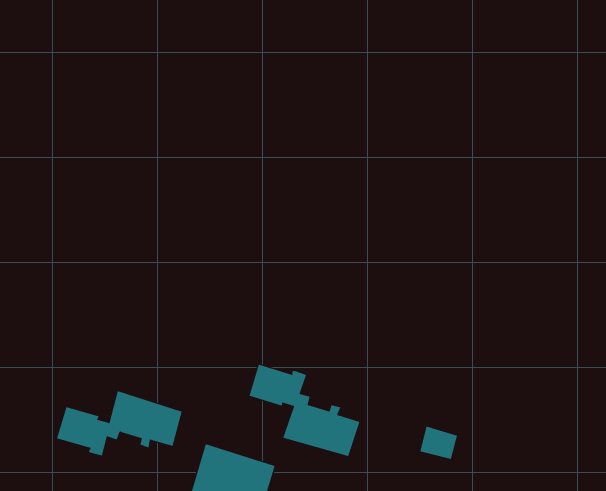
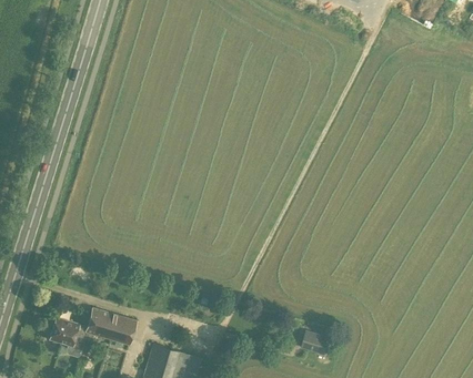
building: [249,364,360,457] -> none

